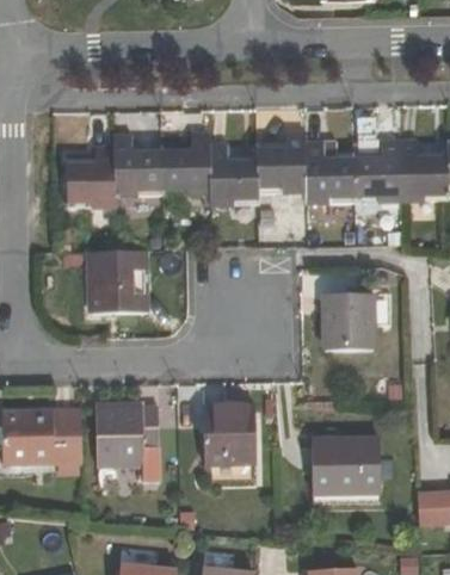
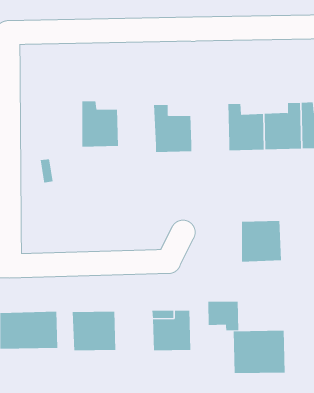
building: [255,132,304,193] -> none
building: [159,134,208,196] -> none
building: [64,144,111,205] -> none
building: [90,249,148,311] -> none
building: none -> [208,301,239,331]

